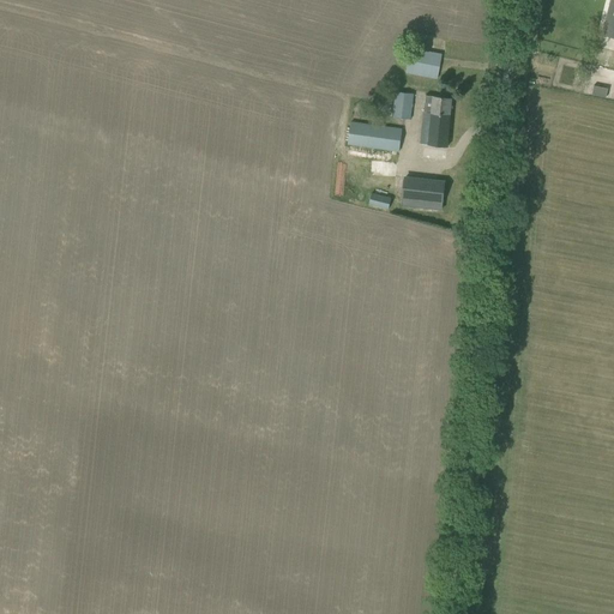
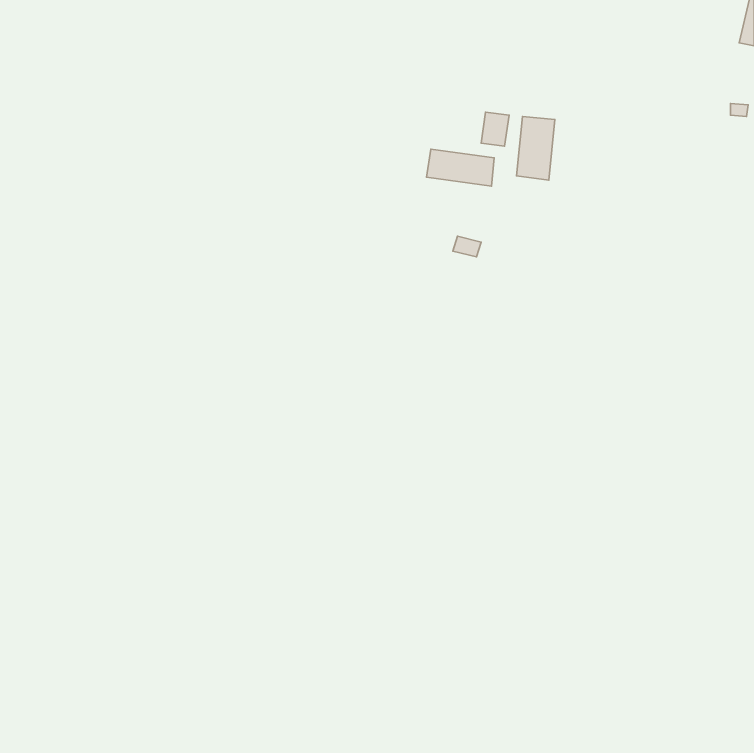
building: [405,47,441,77] -> none
building: [411,177,444,209] -> none

